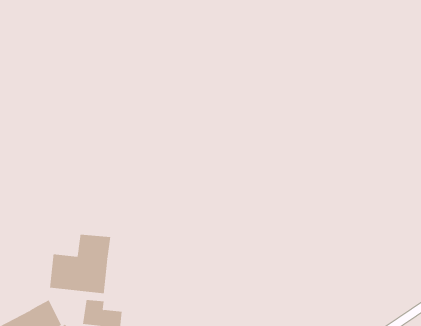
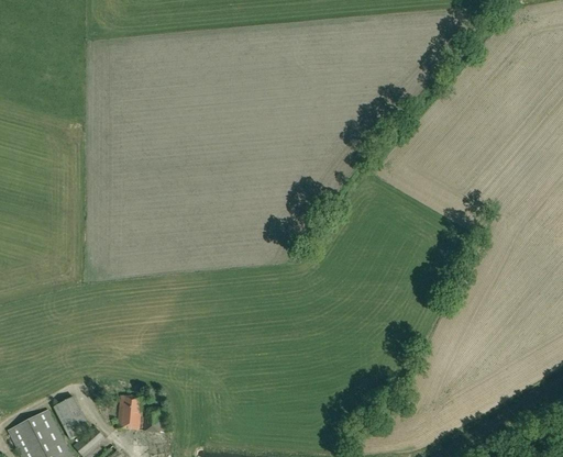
building: [50,234,111,294] -> none

